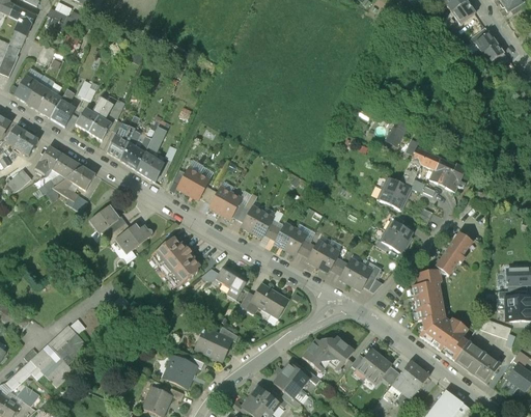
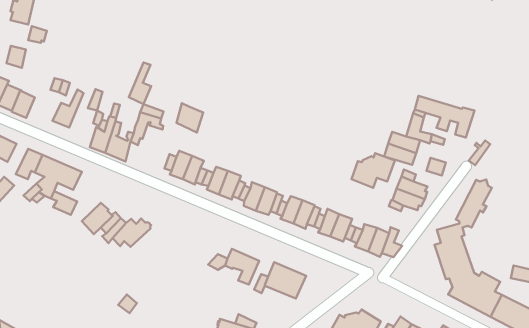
building: [51,89,75,127] -> none
building: [89,102,113,140] -> [129,63,151,104]
building: [383,115,409,145] -> none
building: [137,152,163,182] -> [177,103,203,132]
building: none -> [352,153,395,188]
building: [151,237,200,287] -> none

